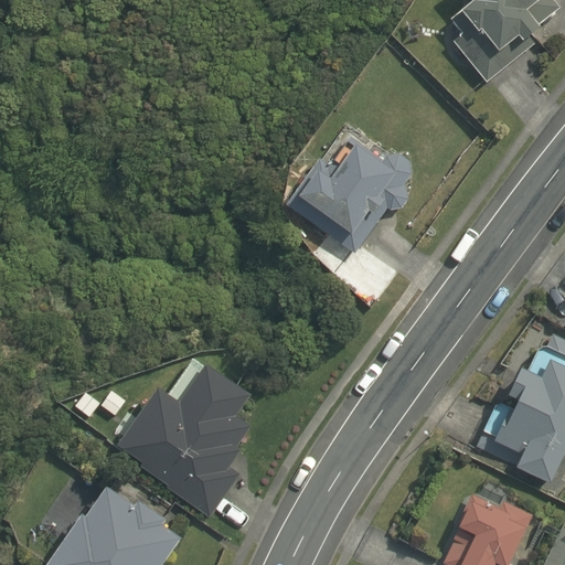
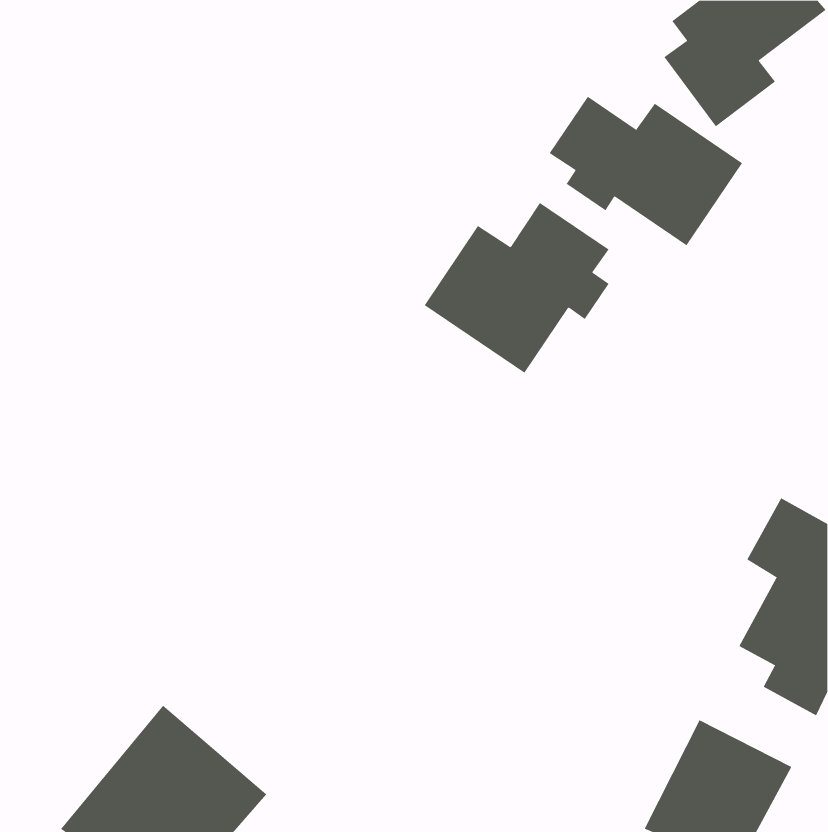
building: none -> [549,96,743,246]
building: [118,360,255,518] -> none

